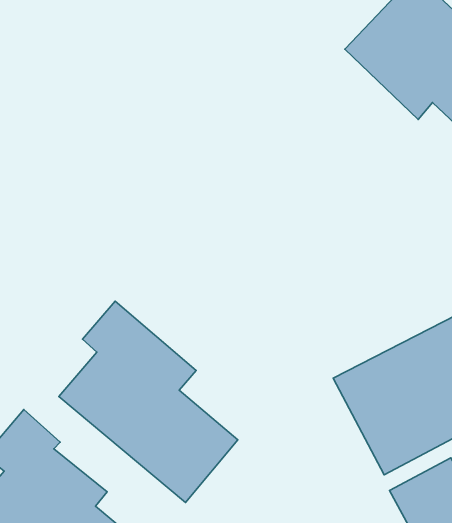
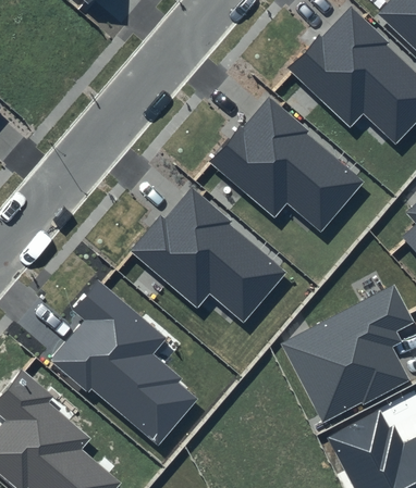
building: none -> [211,98,366,233]
building: none -> [133,187,287,323]

